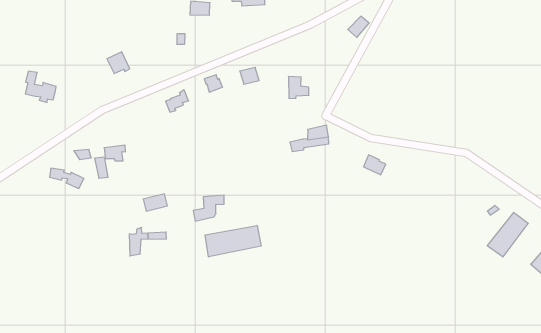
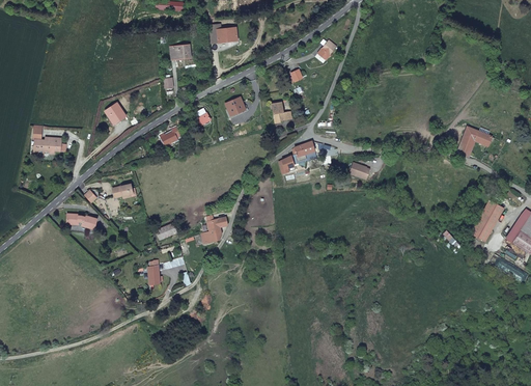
building: none -> [456,127,492,159]
building: [205,225,261,257] -> none

